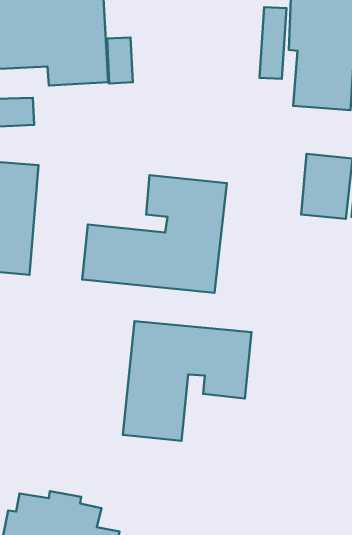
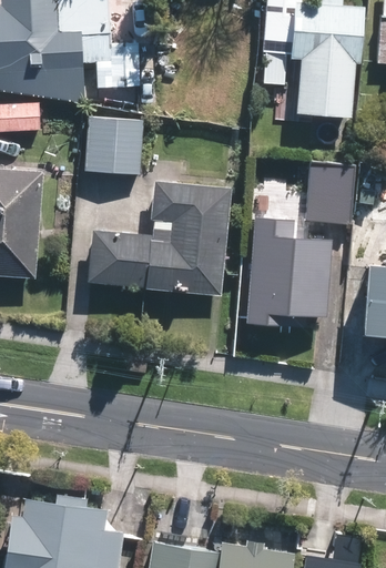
building: none -> [85,120,142,175]
building: none -> [246,220,331,327]
building: [123,321,252,441] -> none

